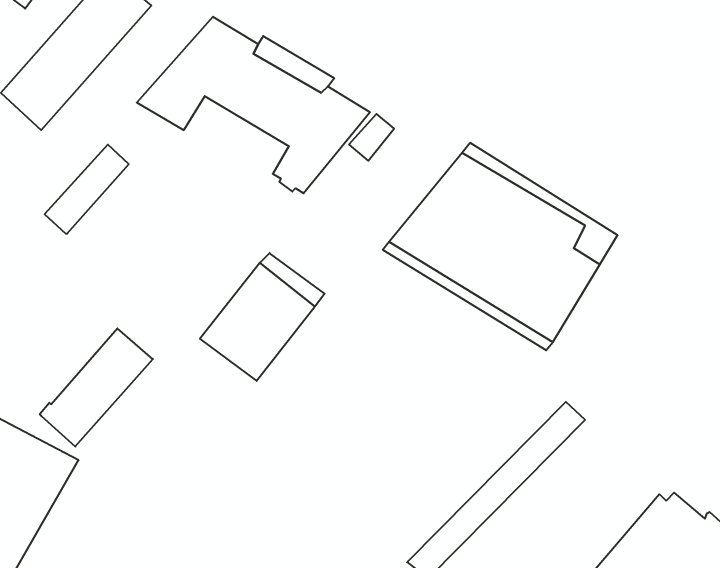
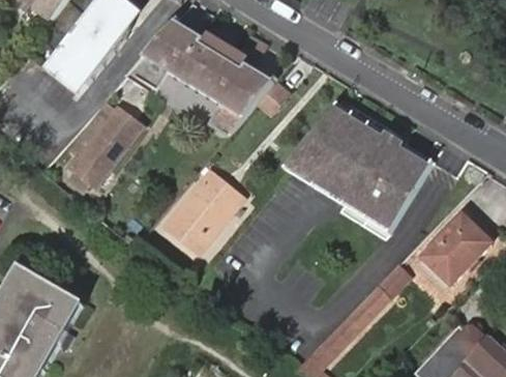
building: none -> [422,213,492,285]
building: [40,328,153,447] -> [68,113,141,189]

